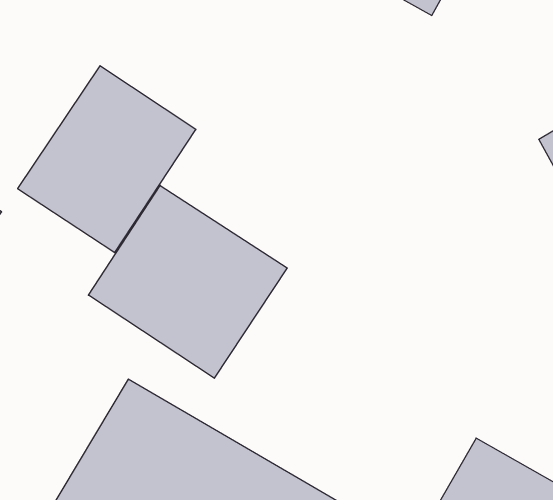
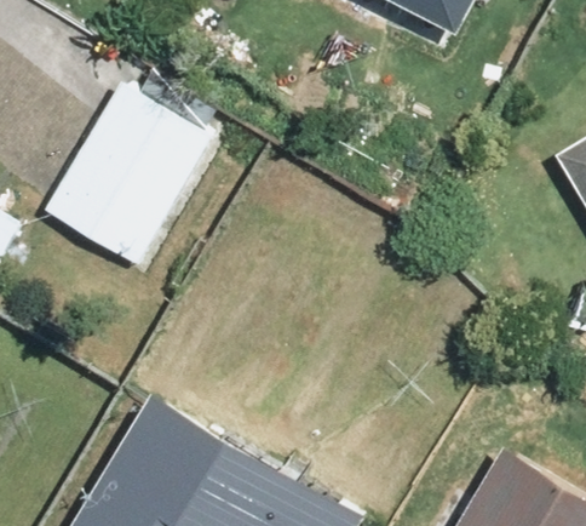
building: [88,185,287,378] -> none

